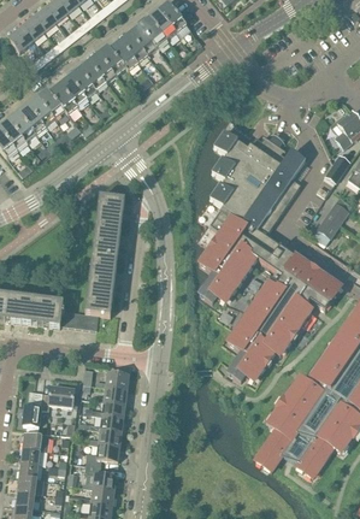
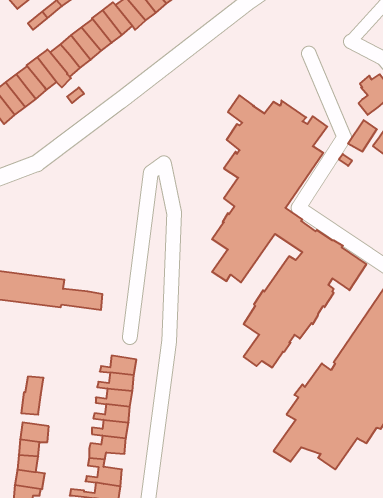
building: [84,195,124,314] -> none
building: [313,200,349,243] -> none
building: [41,385,75,407] -> none

